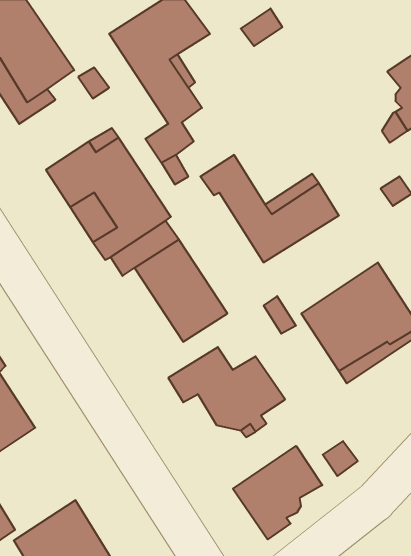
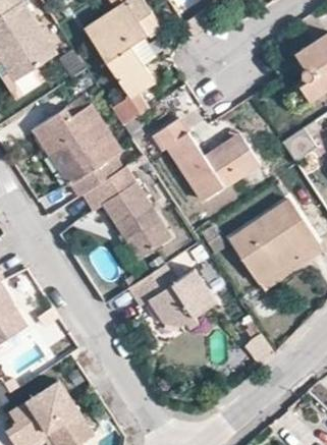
building: [233,446,322,539] -> none

